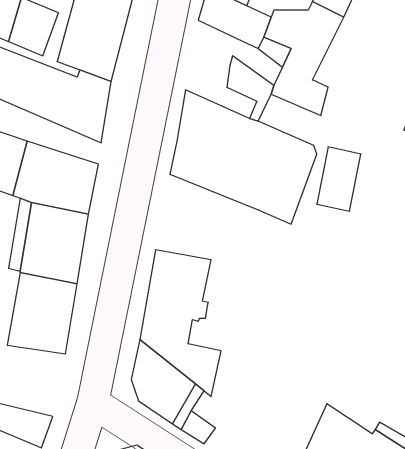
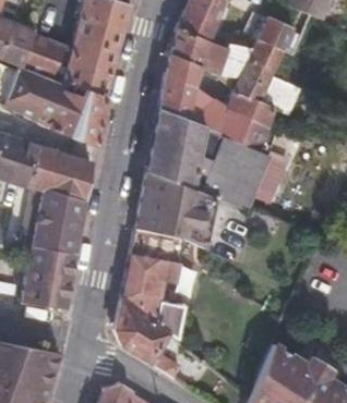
building: none -> [159,54,214,130]
building: none -> [215,111,263,150]
building: none -> [136,172,215,251]

